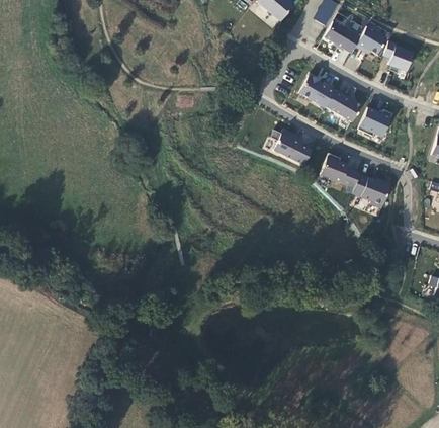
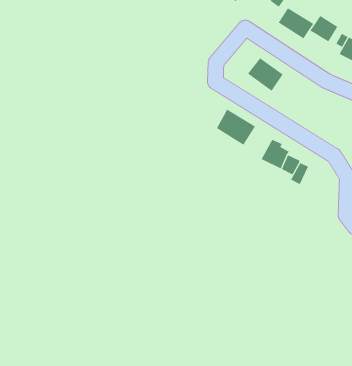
building: [326,86,363,120] -> none
building: [358,105,391,136] -> none
building: [361,178,390,208] -> none

